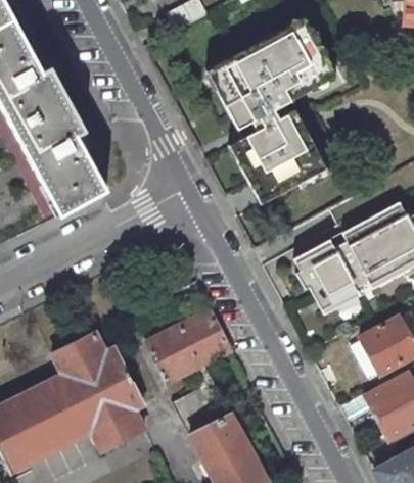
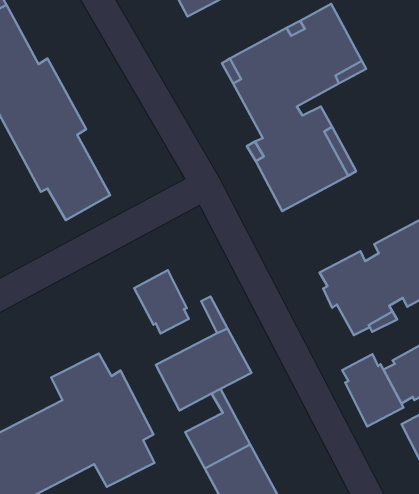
building: none -> [134,270,189,333]
building: none -> [342,354,403,426]

